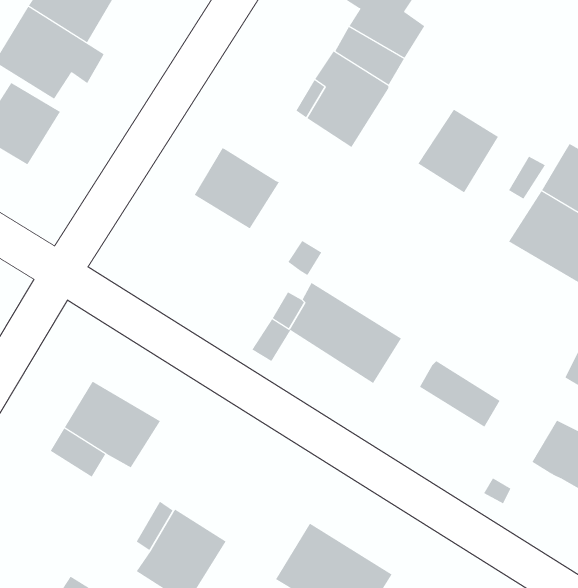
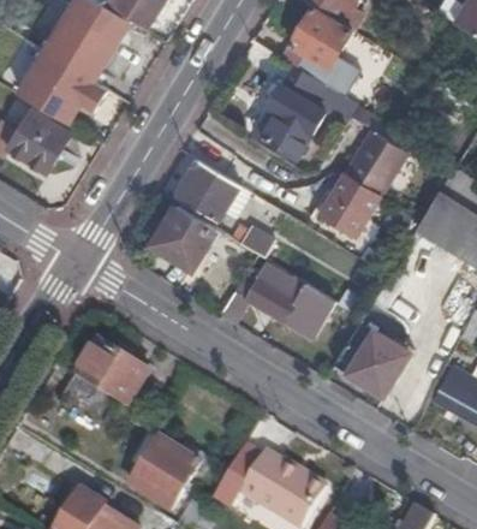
building: none -> [318,172,381,237]
building: none -> [150,206,215,269]
building: none -> [333,344,396,397]

